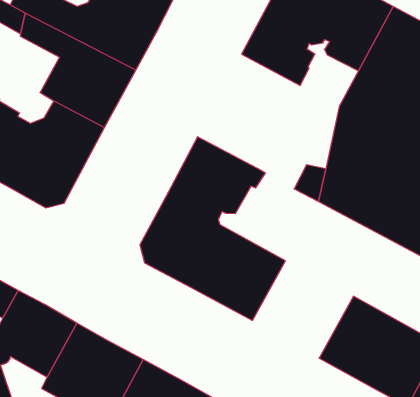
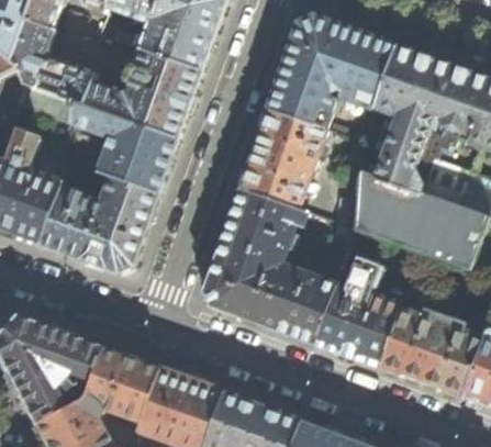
building: none -> [242,110,326,209]
building: none -> [315,258,404,368]

